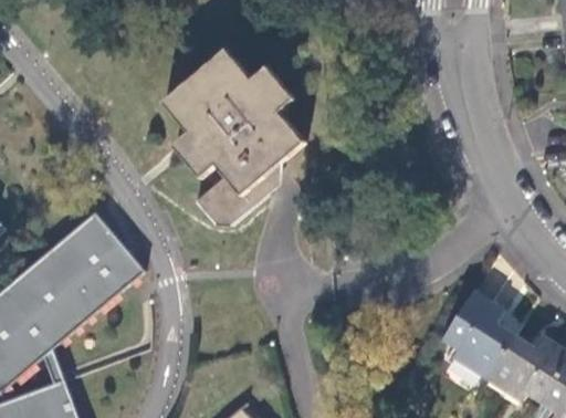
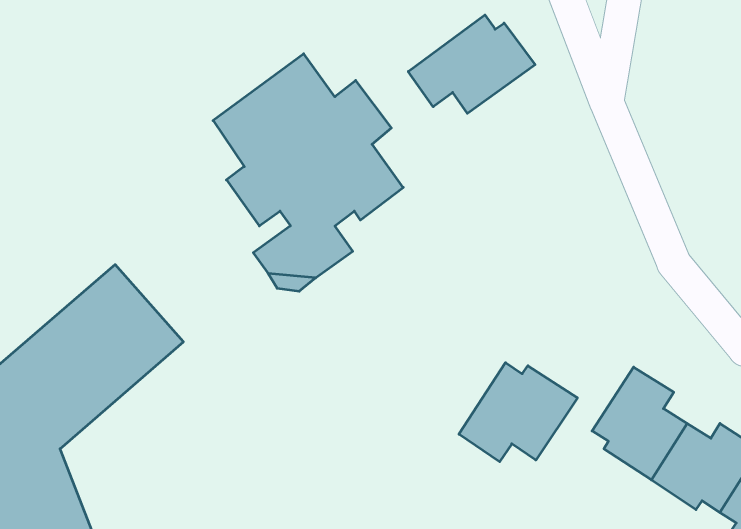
building: none -> [408,15,535,113]
building: none -> [459,363,577,462]

